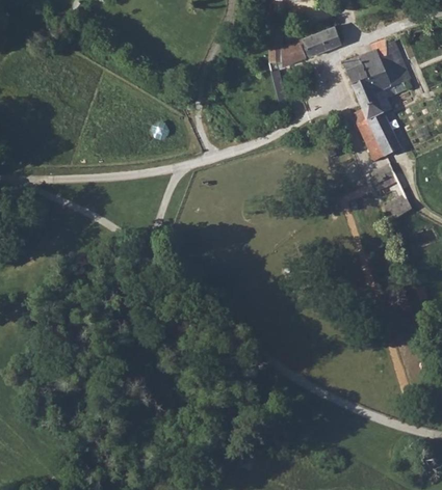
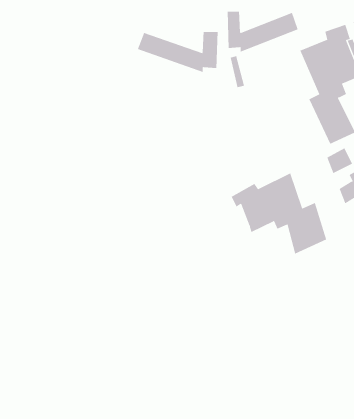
building: none -> [137,31,218,73]
building: none -> [231,172,327,255]

